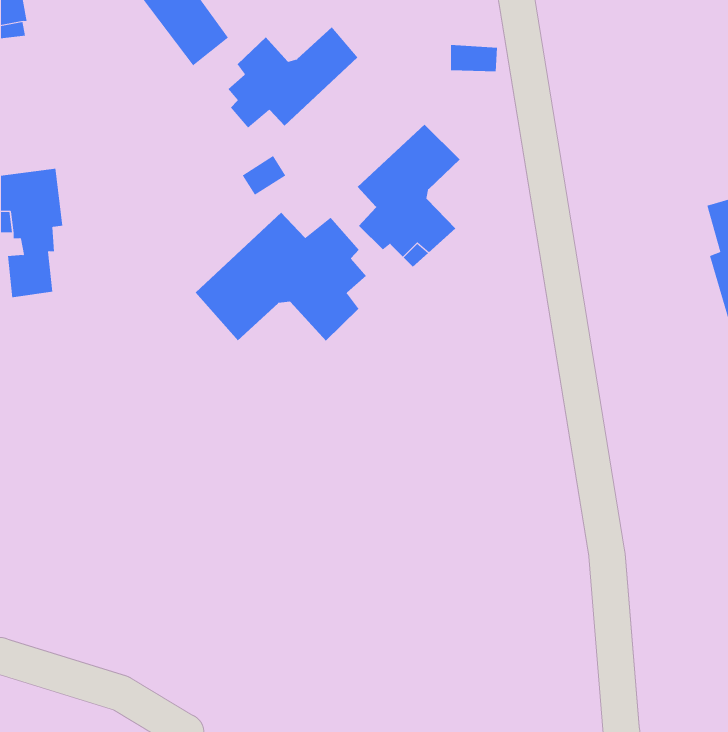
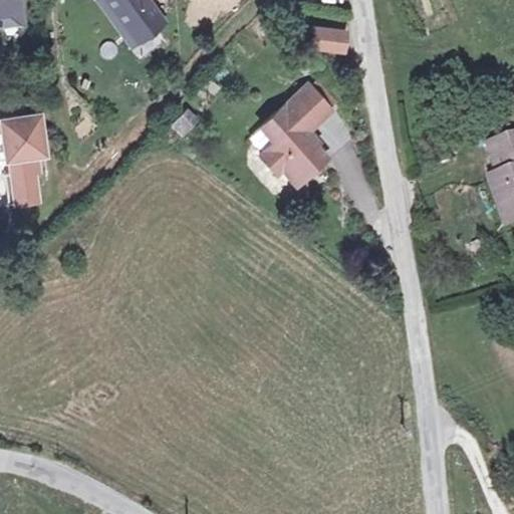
building: [228,27,358,128] -> none
building: [195,212,367,341] -> none

